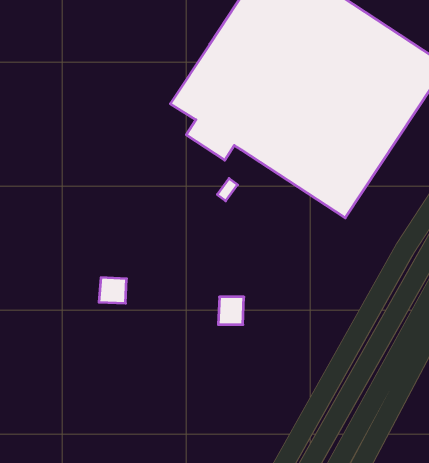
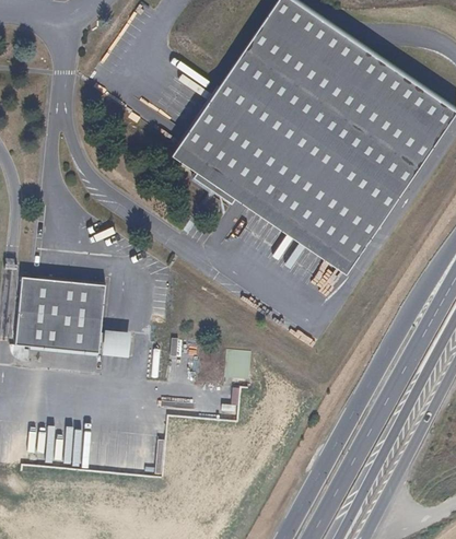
building: none -> [9,274,100,350]

